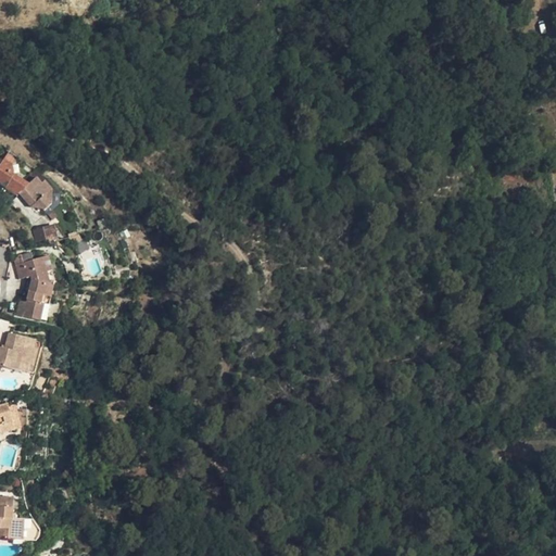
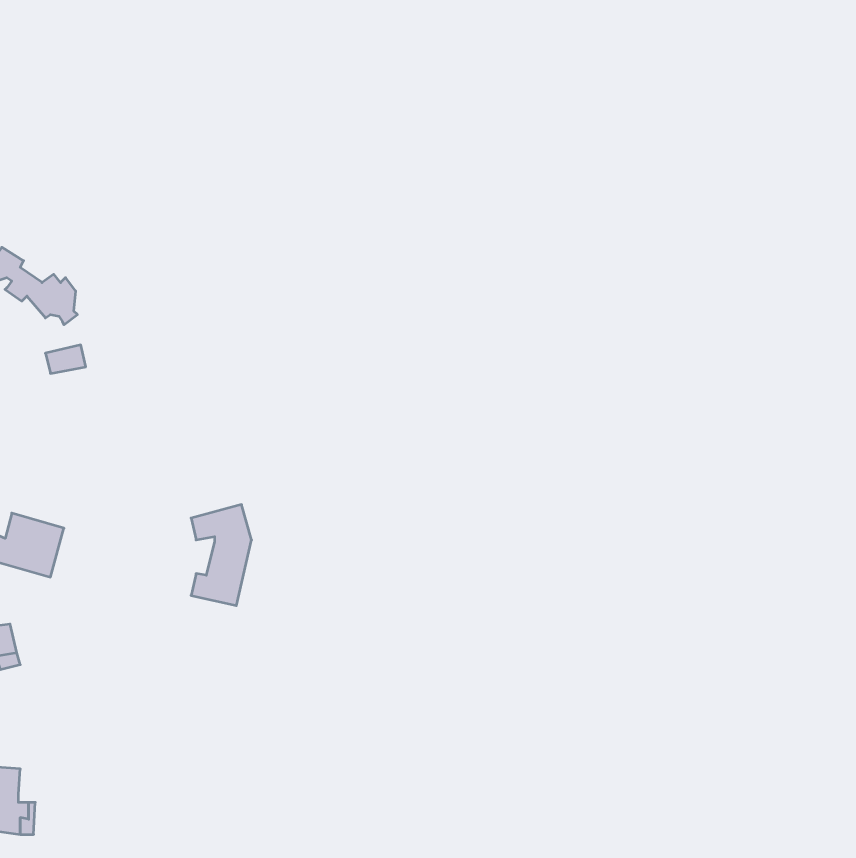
building: [14,255,53,320] -> [191,505,252,606]

